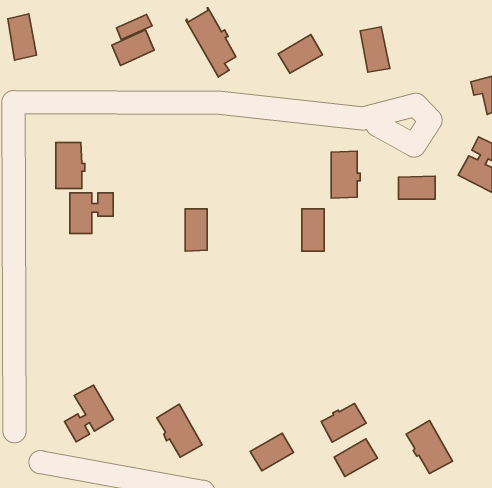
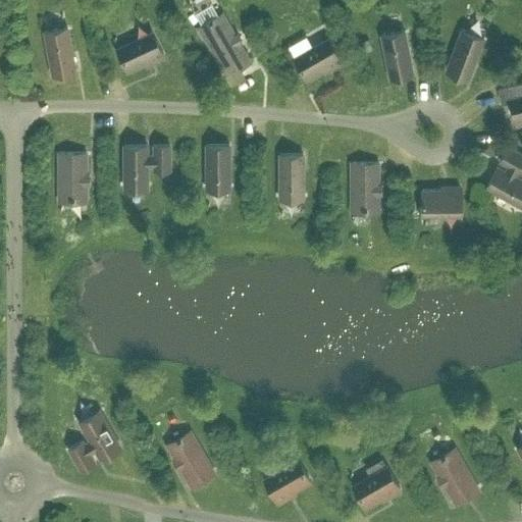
building: [8,14,37,60] -> [45,29,75,77]
building: none -> [446,32,483,82]
building: [70,193,113,233] -> [124,147,170,190]
building: [185,209,207,251] -> [206,147,229,192]
building: [302,209,324,251] -> [279,156,303,201]
building: [321,403,366,442] -> none

